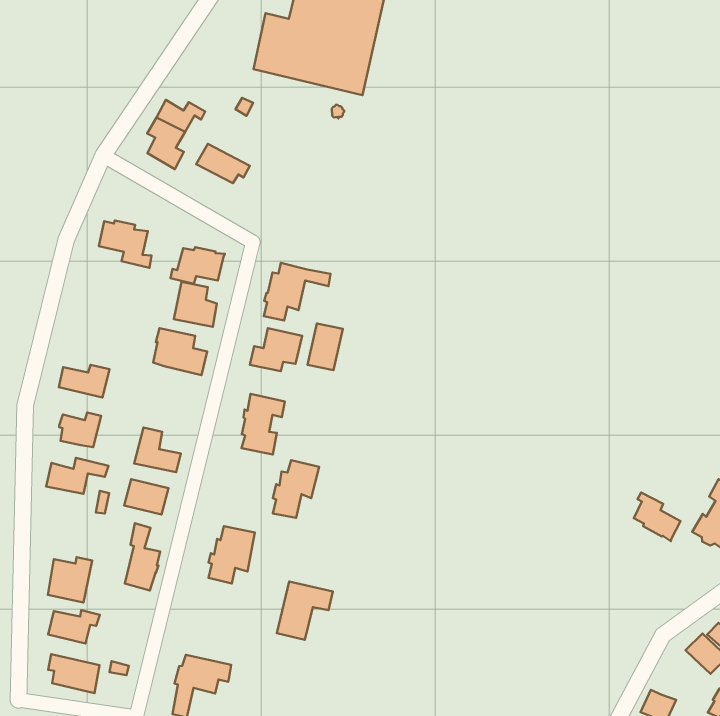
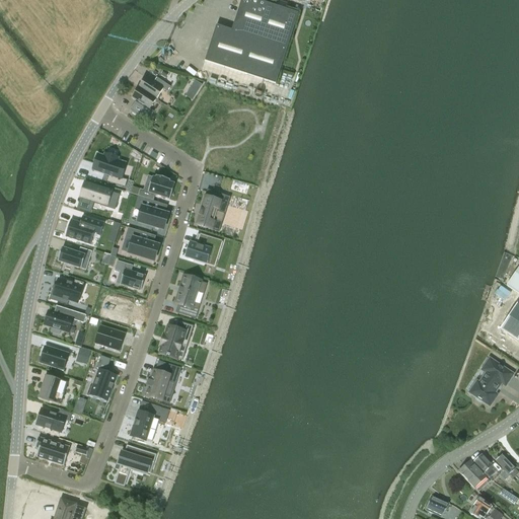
building: [196,144,250,183] -> none
building: none -> [79,182,119,211]
building: none -> [65,215,104,245]
building: [308,324,343,370] -> none
building: none -> [115,261,145,290]
building: [273,460,319,518] -> [160,319,194,358]
building: [634,492,680,541] -> none
building: none -> [40,346,68,369]
building: [277,582,333,640] -> [130,400,169,440]

